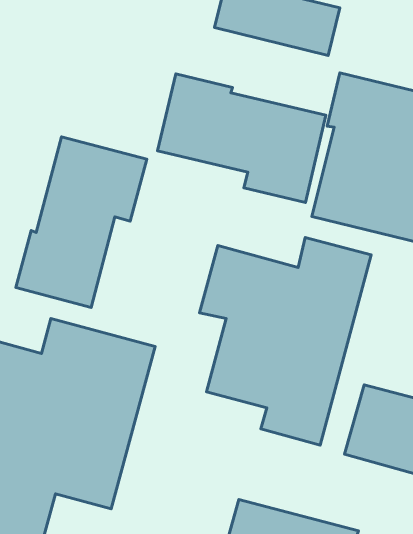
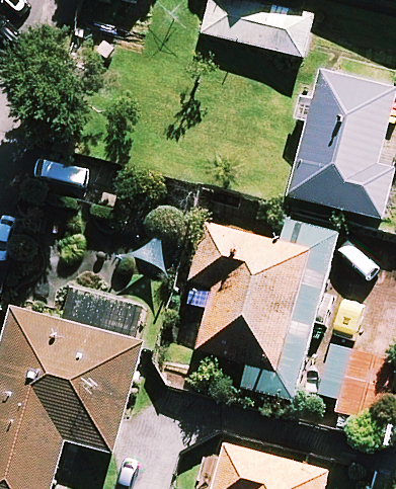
building: [157,74,326,203] -> none
building: [16,137,147,308] -> none

